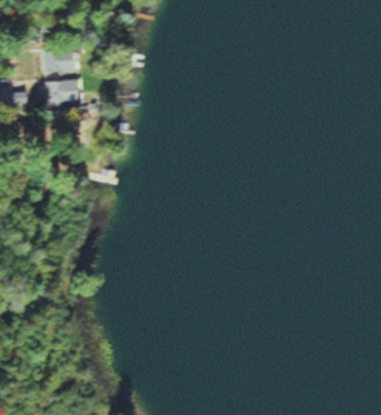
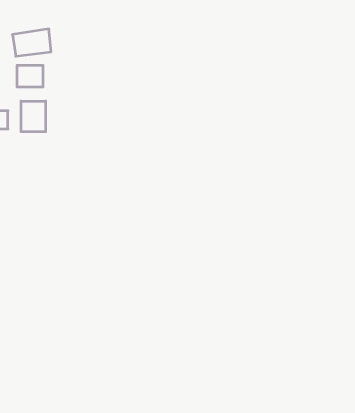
building: none -> [21,101,46,132]

